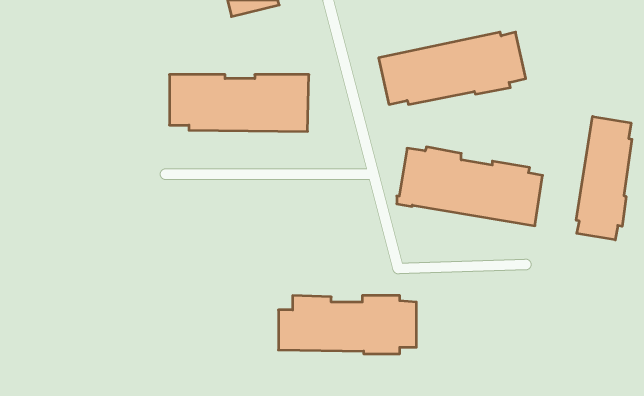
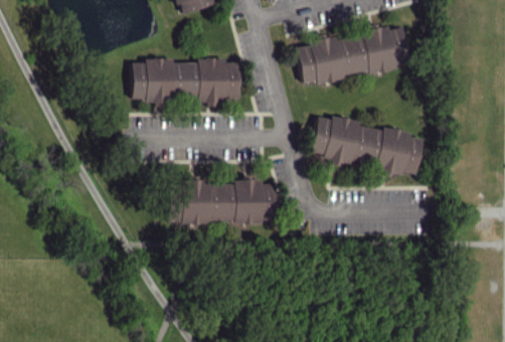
building: [576,116,632,240] -> none
building: [278,296,416,354] -> [169,180,277,225]

